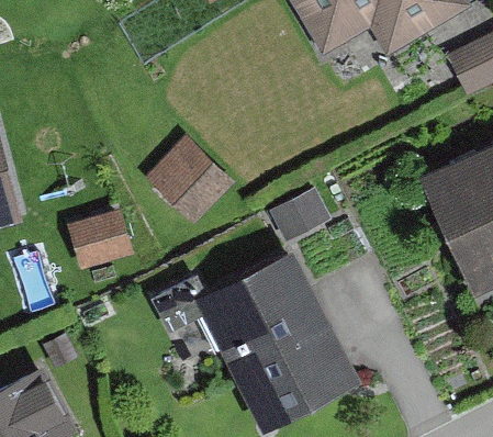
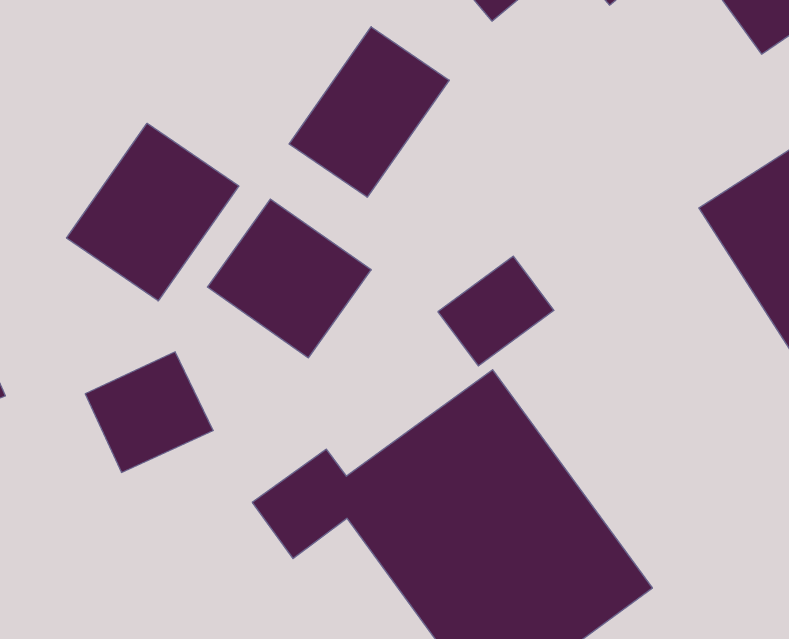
building: none -> [289,27,449,197]
building: none -> [67,123,239,301]

